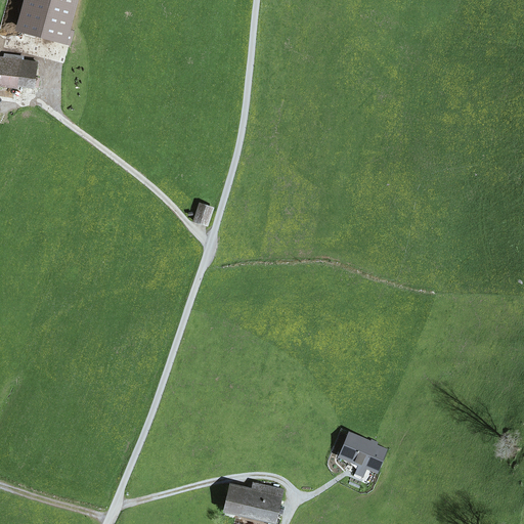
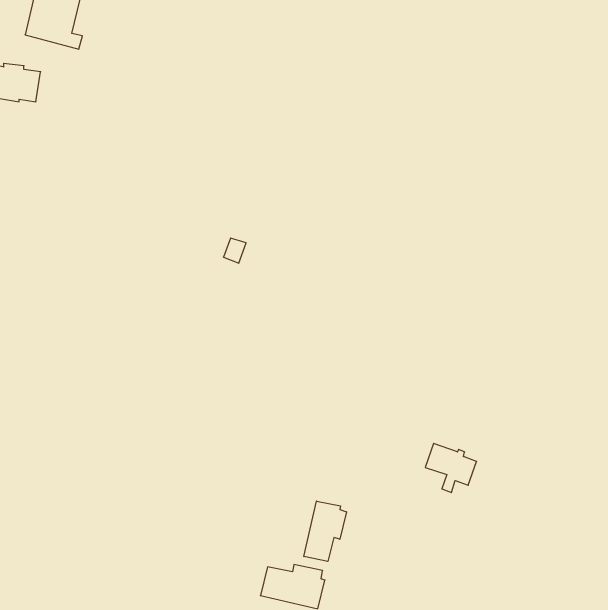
building: none -> [304,501,346,561]
building: [341,435,385,477] -> [425,443,477,493]

